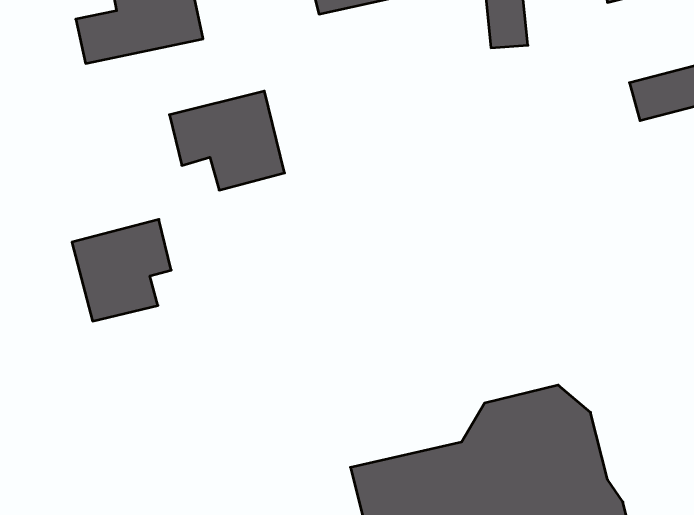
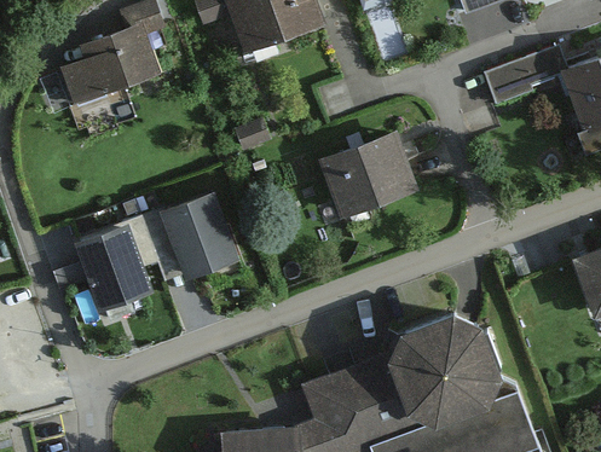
building: [169,91,285,190] -> [140,190,232,268]
building: none -> [323,132,409,207]

